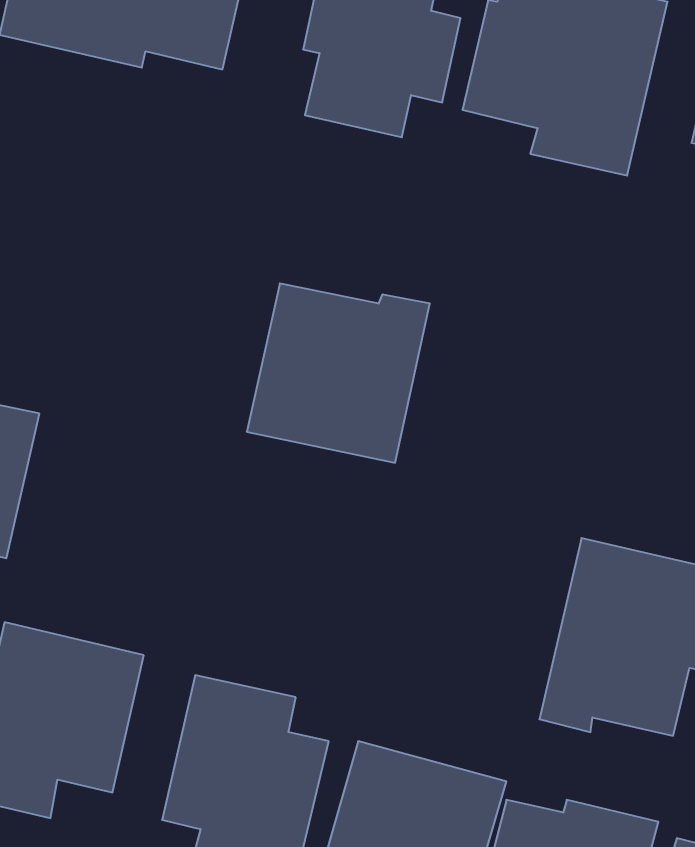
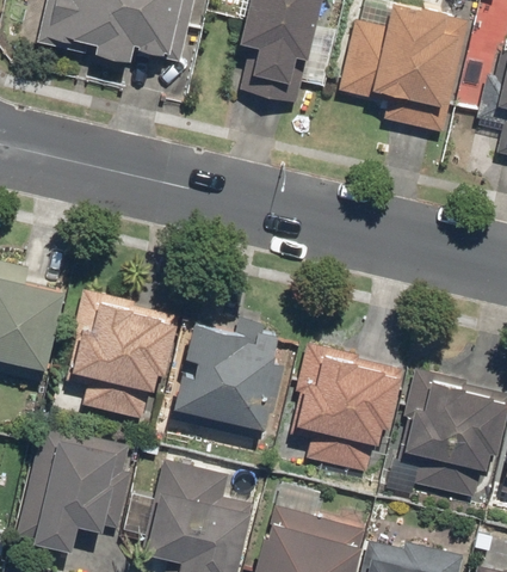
building: [247,283,430,463] -> [167,322,286,439]
building: none -> [67,288,180,419]
building: none -> [286,340,406,472]

